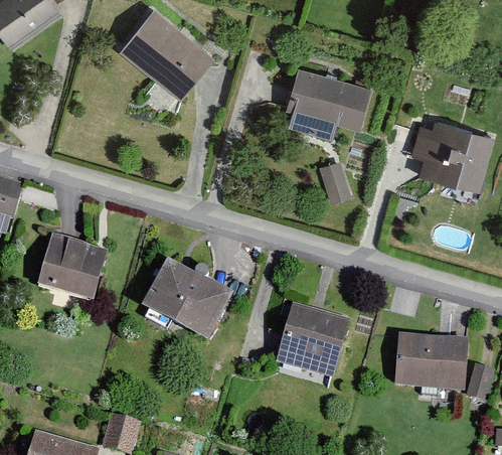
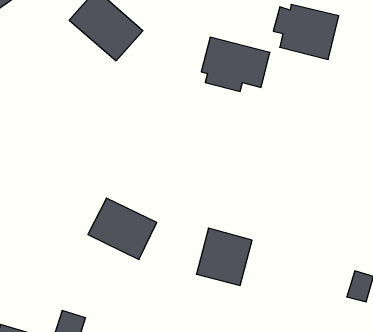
building: [411,121,493,189] -> [273,4,339,59]
building: [319,157,352,200] -> none
building: [39,242,106,301] -> none
building: [395,333,468,385] -> none

